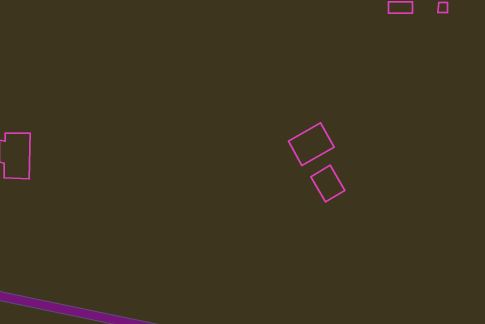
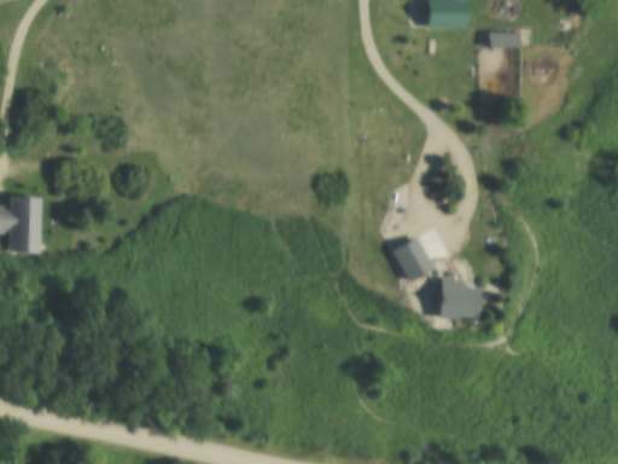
building: [289,123,334,166] -> none
building: none -> [438,279,482,319]

